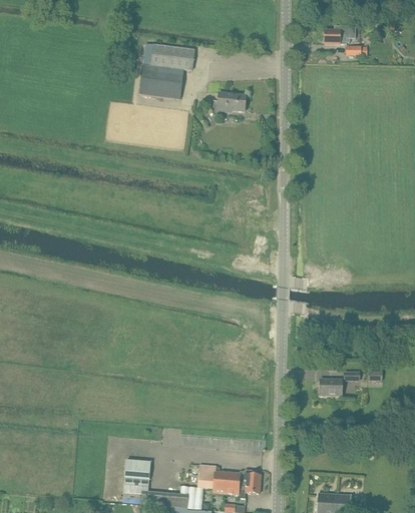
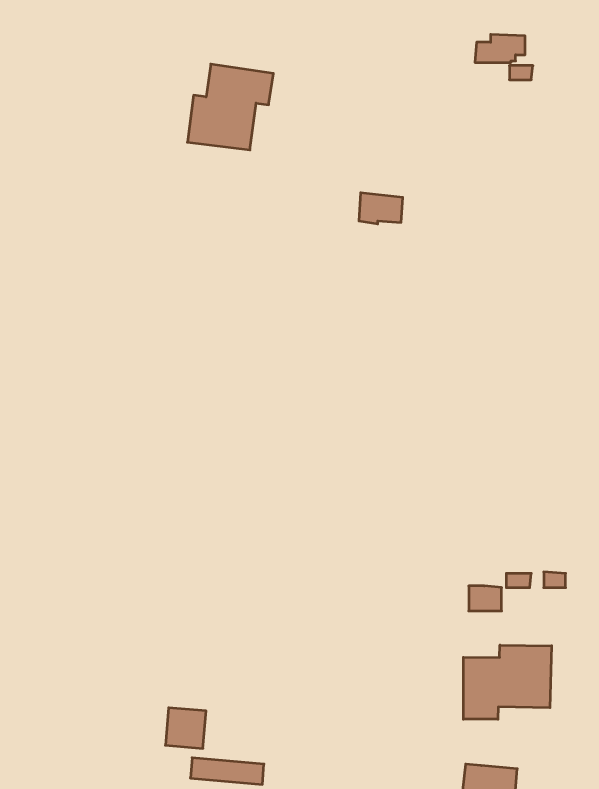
building: [218,92,246,112] -> [359,193,403,224]
building: none -> [463,645,552,719]
building: [190,464,261,498] -> none

